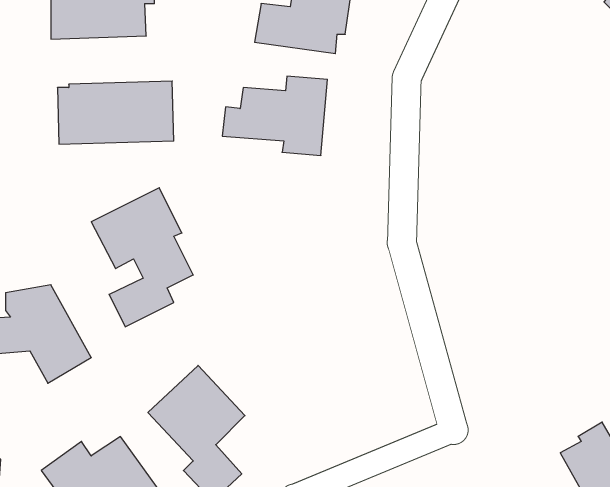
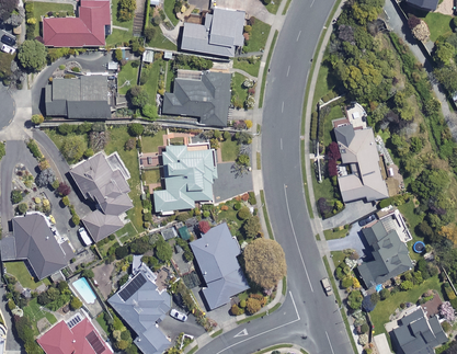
building: none -> [329,119,385,199]
building: none -> [152,145,215,214]
building: none -> [352,207,412,286]
building: none -> [188,222,249,309]

